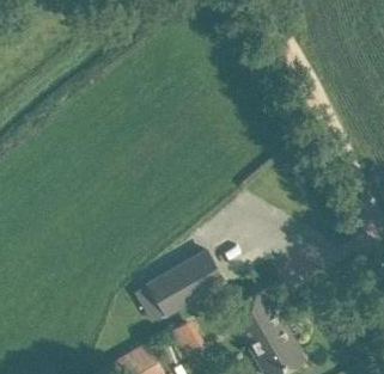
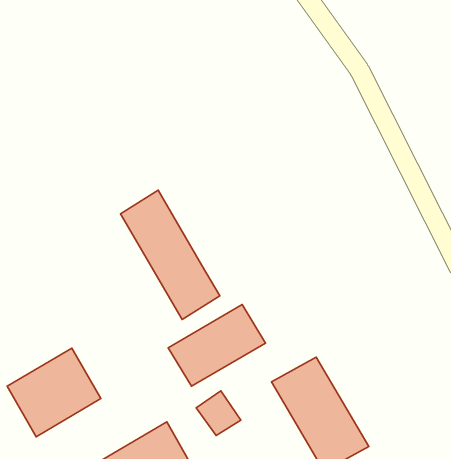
building: none -> [120,190,220,320]
building: none -> [7,348,101,437]

